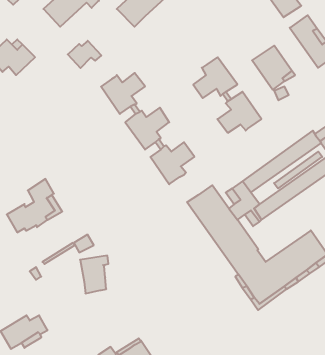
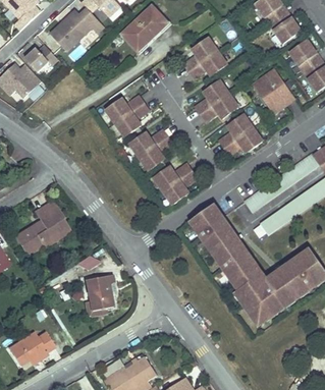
building: none -> [183,38,226,77]
building: [68,41,101,68] -> [25,45,58,71]

